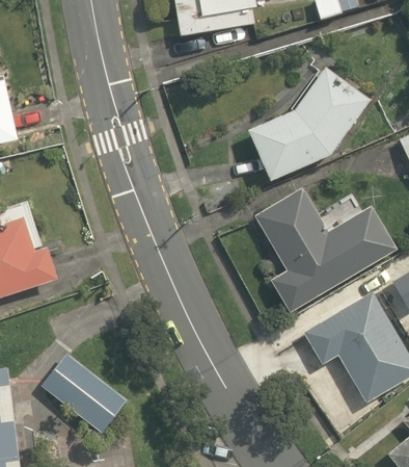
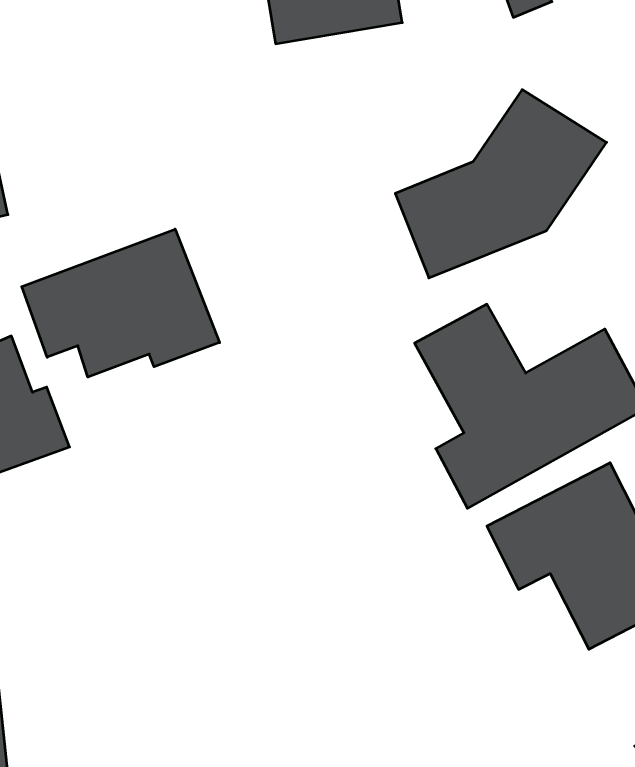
building: none -> [22,229,220,377]
building: [37,352,132,436] -> none

